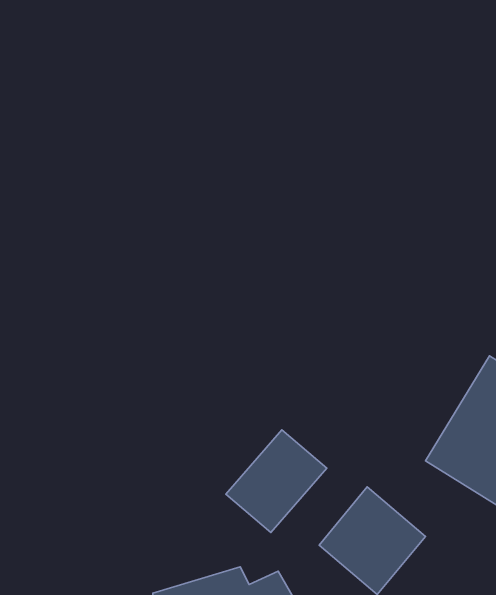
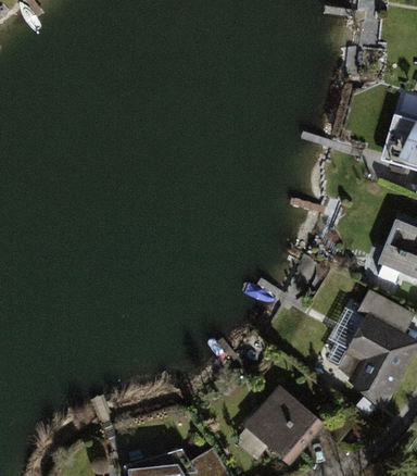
building: [226,430,327,532] -> none

